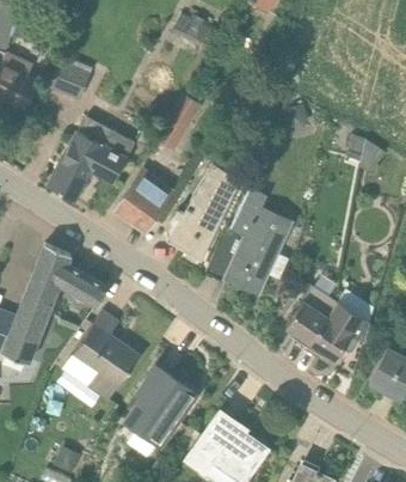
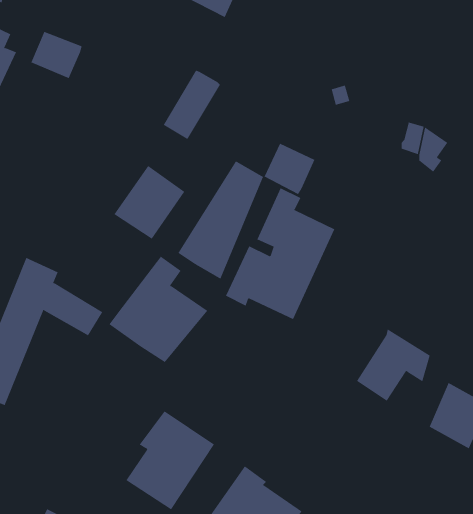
building: [48,117,134,201] -> none
building: none -> [264,143,315,195]
building: [284,286,334,343] -> none
building: [60,311,140,397] -> [109,256,208,363]

